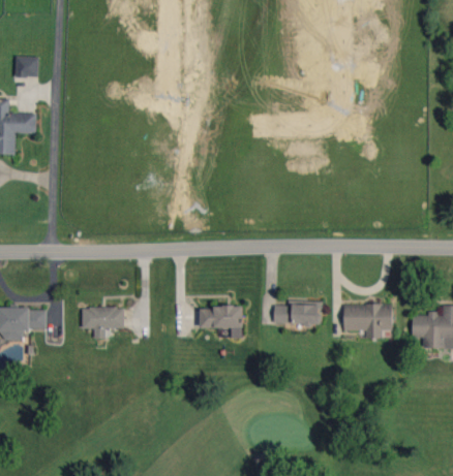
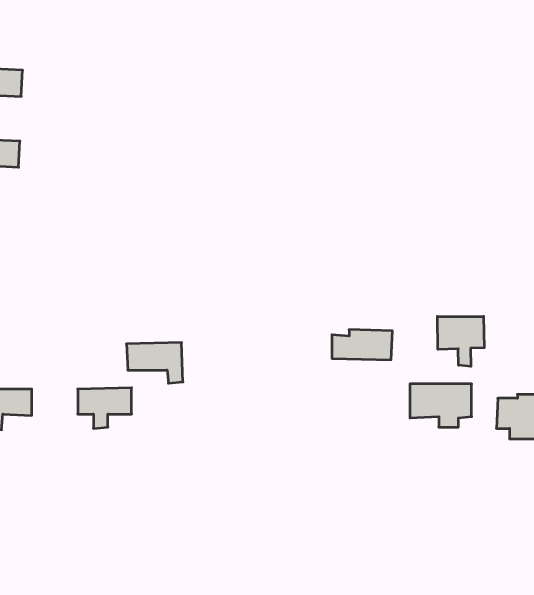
building: none -> [437,316,484,366]
building: [274,300,322,324] -> [332,330,392,360]
building: [199,306,243,338] -> [126,343,183,383]

